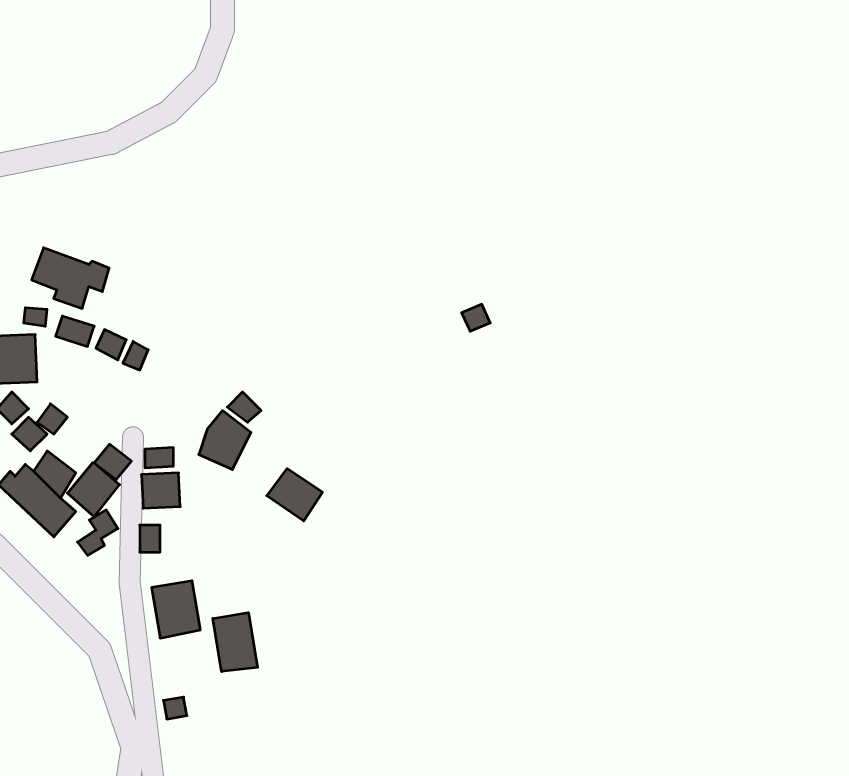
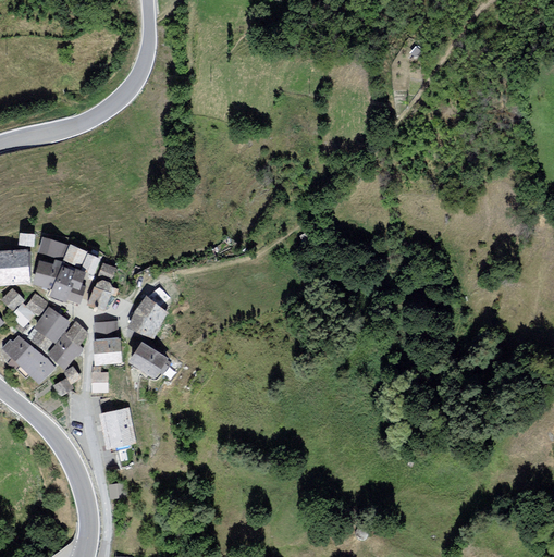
building: [32,248,109,308] -> [34,261,84,300]
building: none -> [87,280,112,311]
building: none -> [34,307,69,341]
building: [267,469,322,521] -> [130,343,165,376]
building: [213,613,258,672] -> none

